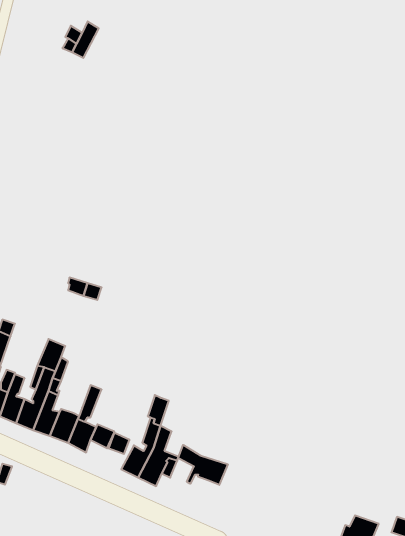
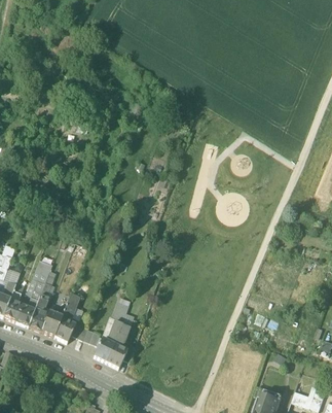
building: [178,445,228,485] -> none

